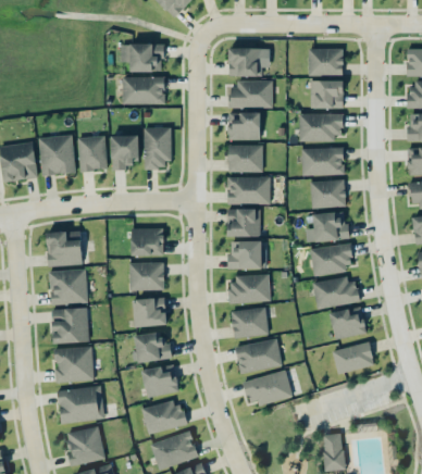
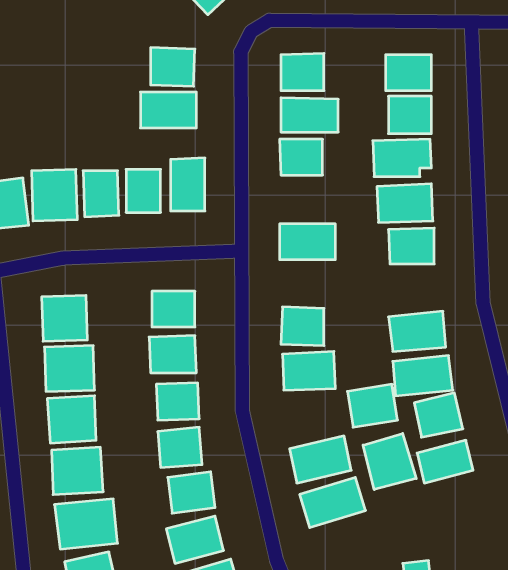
building: [228,145,262,173] -> none
building: [226,209,260,237] -> none
building: [313,212,347,241] -> none
building: [231,307,269,339] -> [347,384,398,427]
building: none -> [363,433,416,490]

